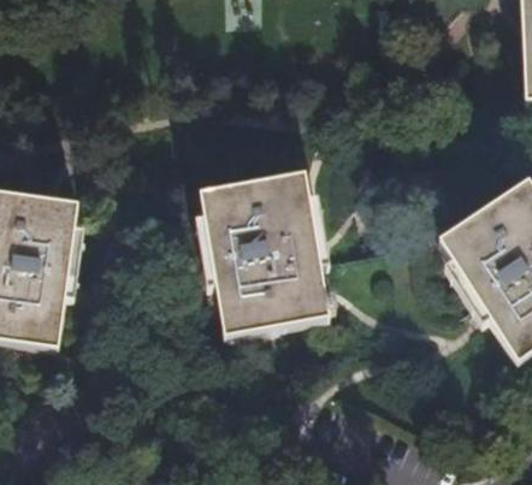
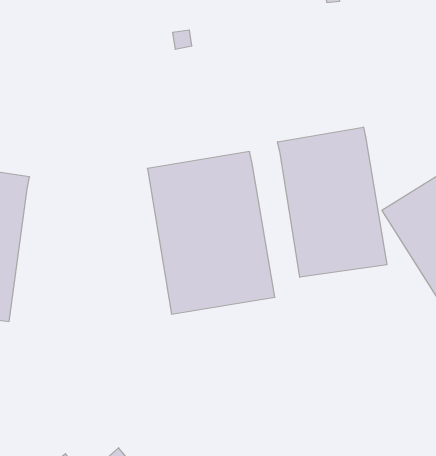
building: none -> [278,127,387,277]

